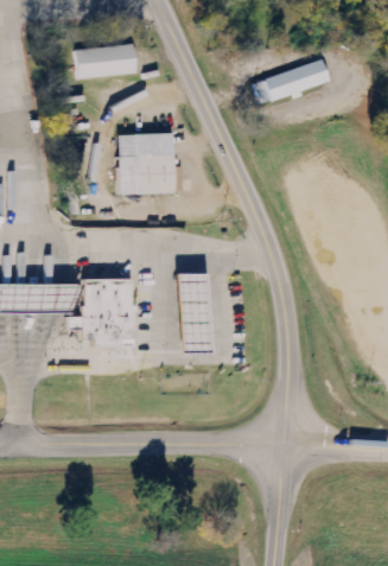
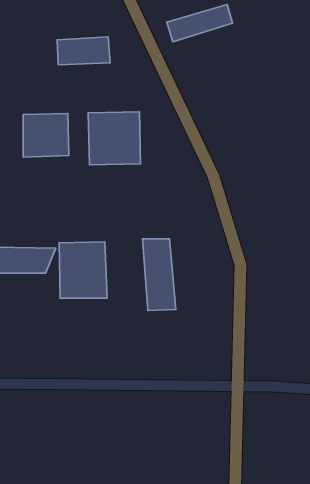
building: [257,59,332,102] -> [167,4,232,42]
building: none -> [23,114,69,157]

